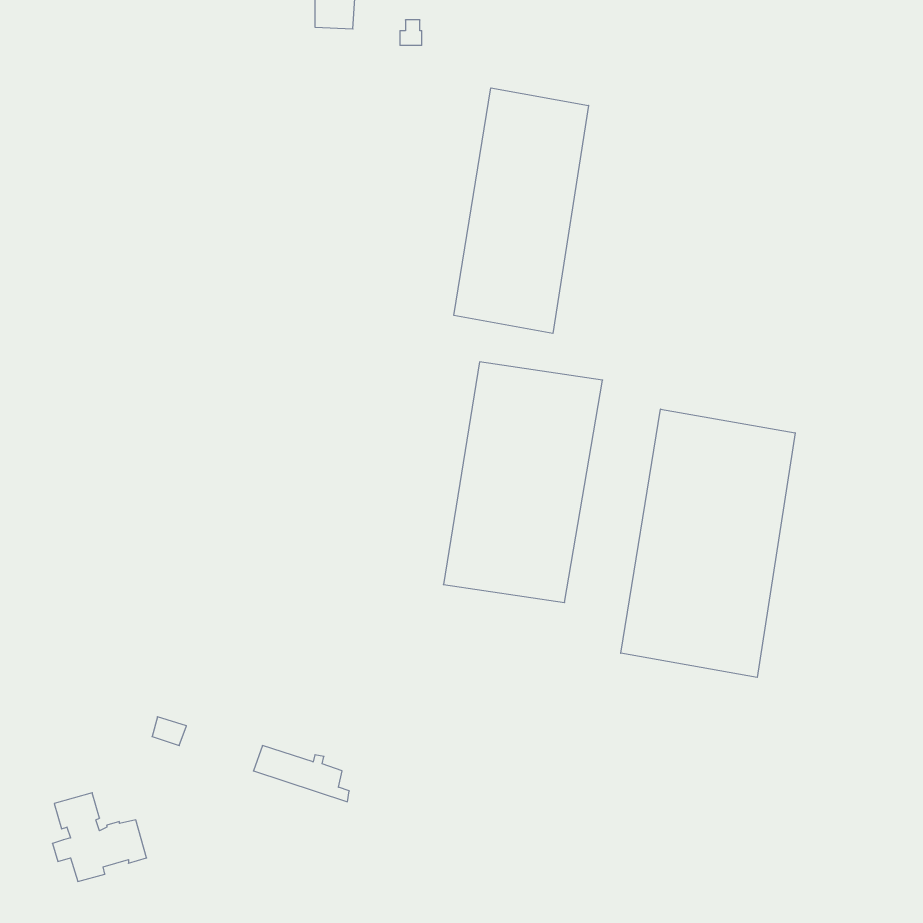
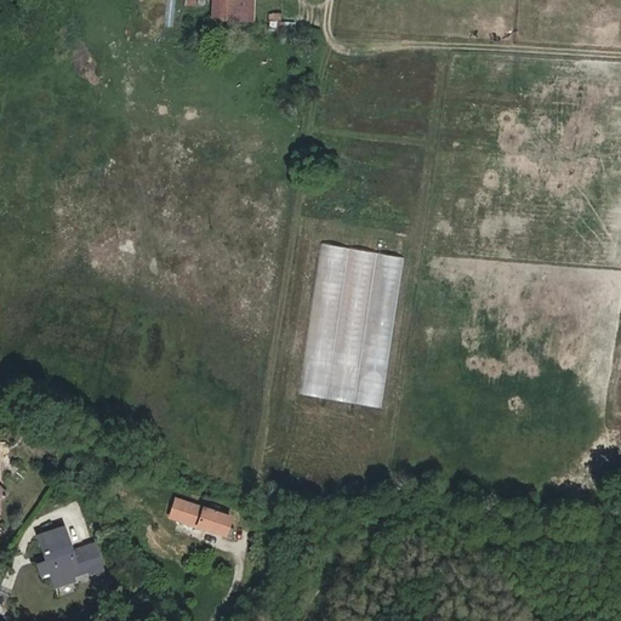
building: [454,88,589,333] -> none
building: [621,409,795,677] -> none

